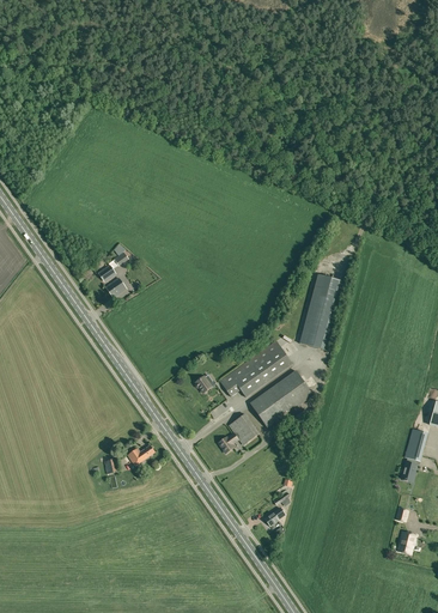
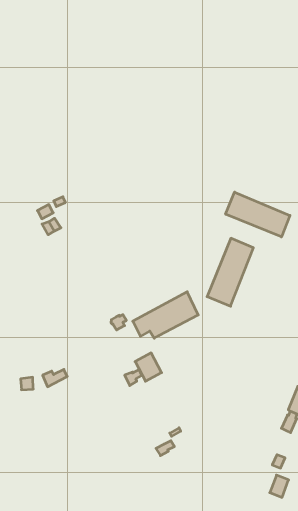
building: none -> [226,192,290,237]
building: [249,370,312,427] -> none

